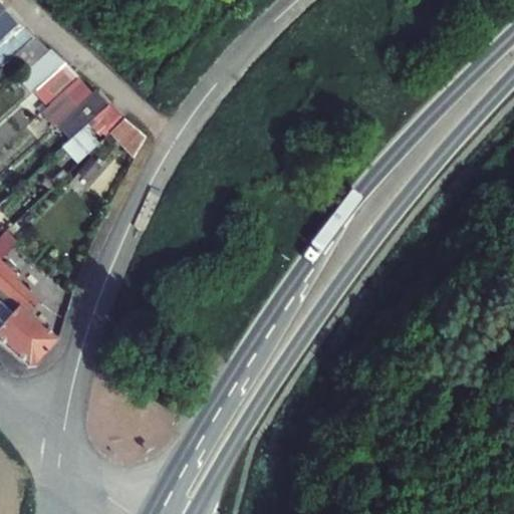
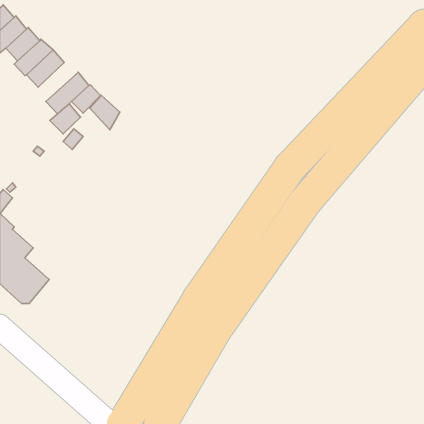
building: [39,75,91,125] -> none

